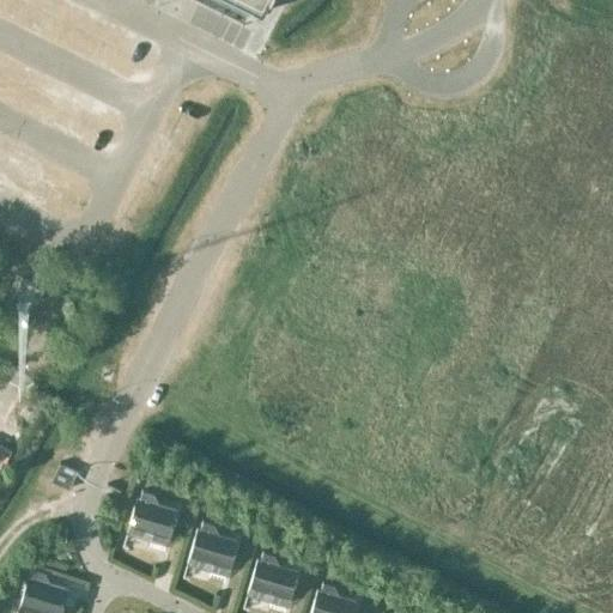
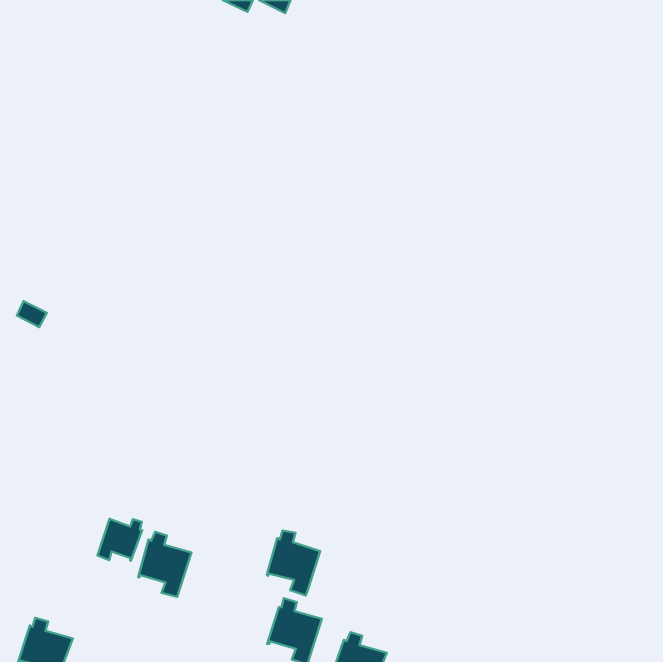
building: none -> [98,519,142,561]
building: [189,523,238,583] -> [267,530,320,596]

